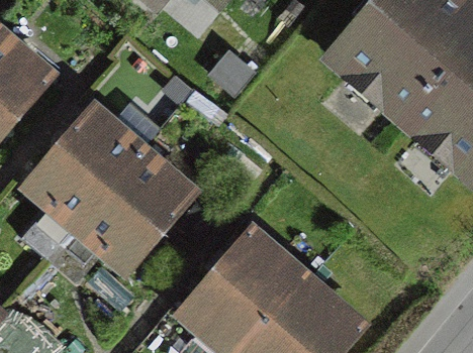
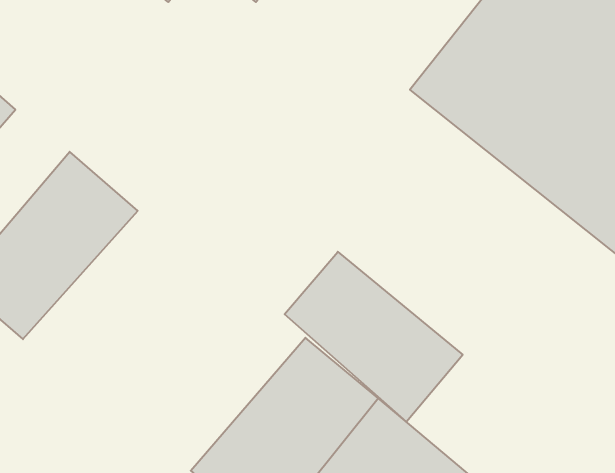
building: [63,141,198,278] -> none
building: none -> [285,252,463,422]

